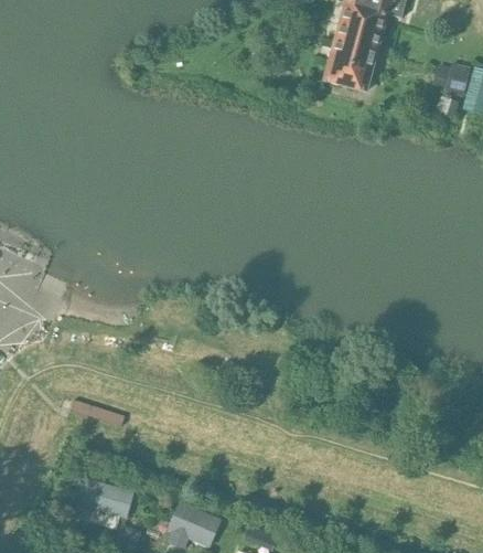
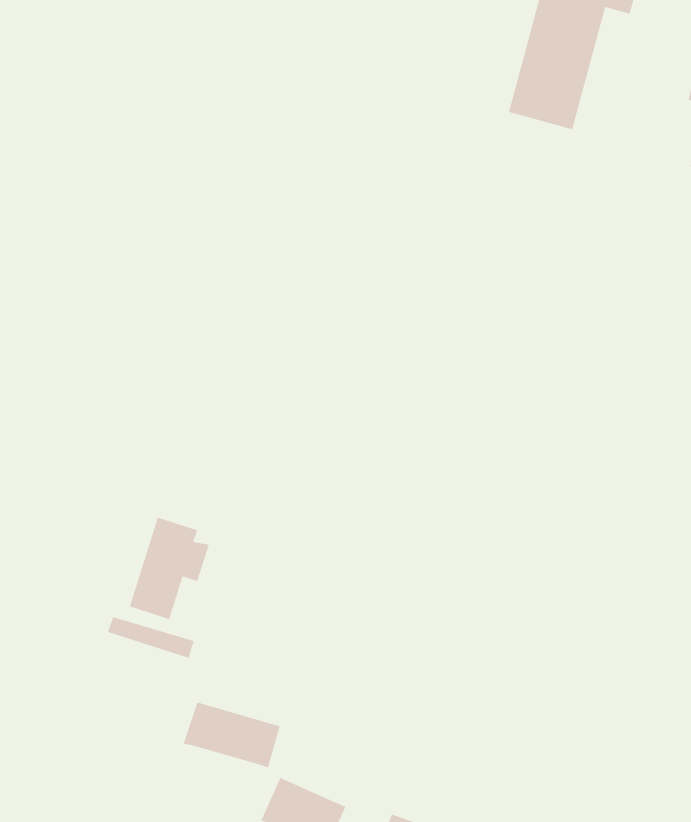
building: none -> [129,517,210,620]
building: [73,477,135,519] -> [183,702,281,768]

